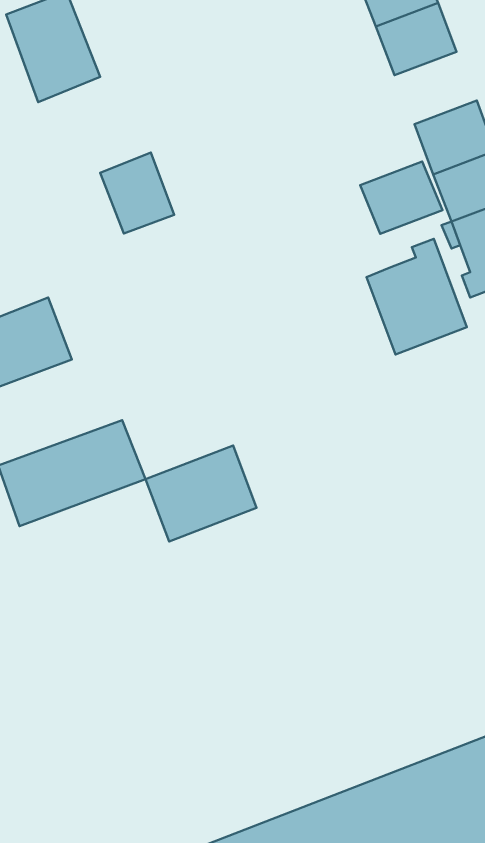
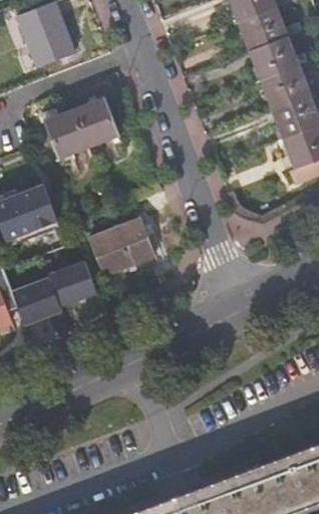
building: [360,161,442,234] -> [250,37,299,80]
building: none -> [42,109,88,158]
building: [366,239,467,355] -> none
building: [146,445,257,541] -> [88,218,154,275]

